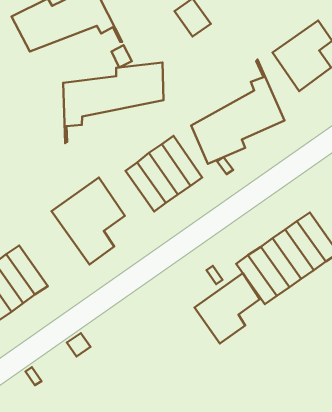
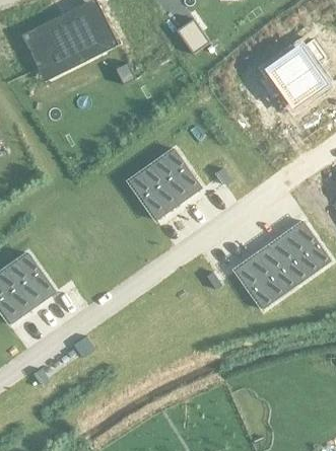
building: [191,59,285,164] -> none
building: [63,63,163,143] -> none
building: [52,177,125,264] -> none
building: [194,273,260,344] -> none

